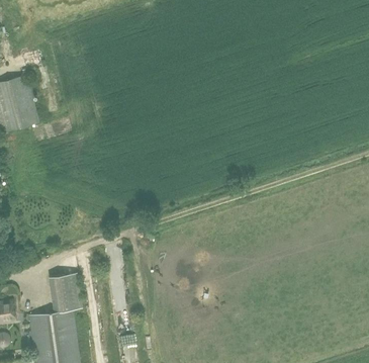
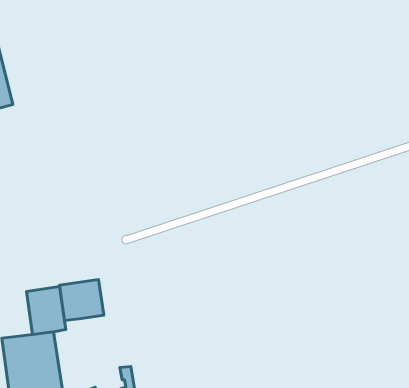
building: none -> [59,280,104,320]

